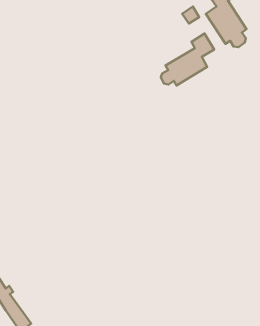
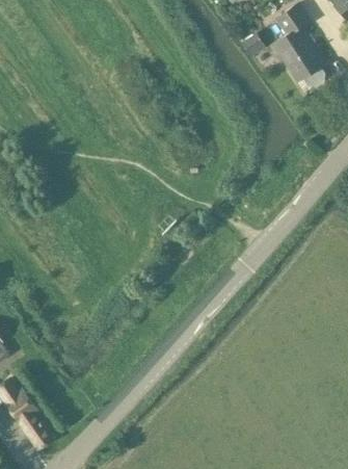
building: [161,34,214,85] -> none

